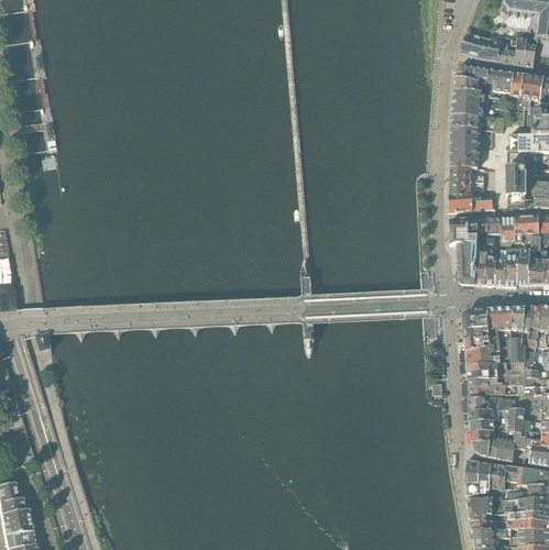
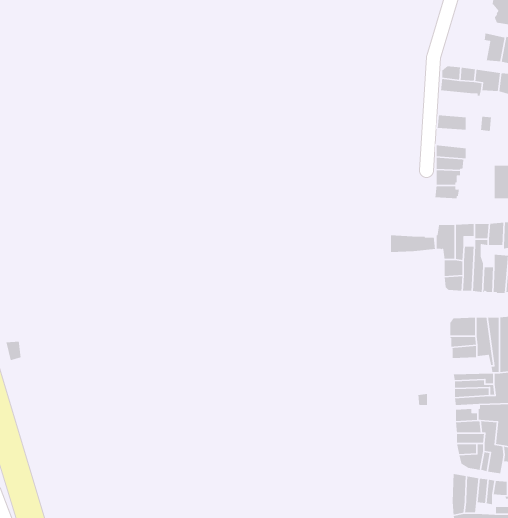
building: [461,34,503,63] -> none
building: [453,91,487,117] -> none
building: [451,128,481,146] -> none
building: [450,195,494,212] -> [390,235,436,253]
building: [466,346,505,364] -> none

